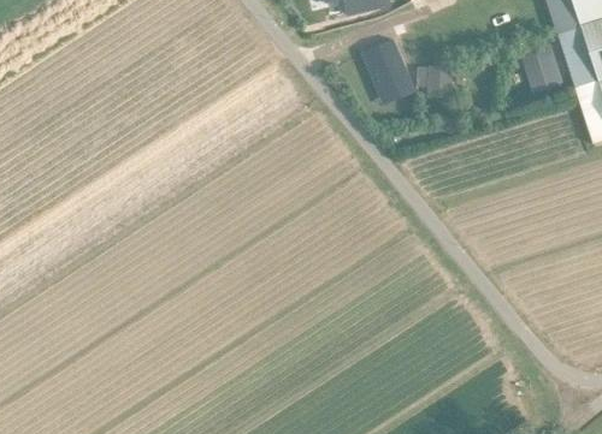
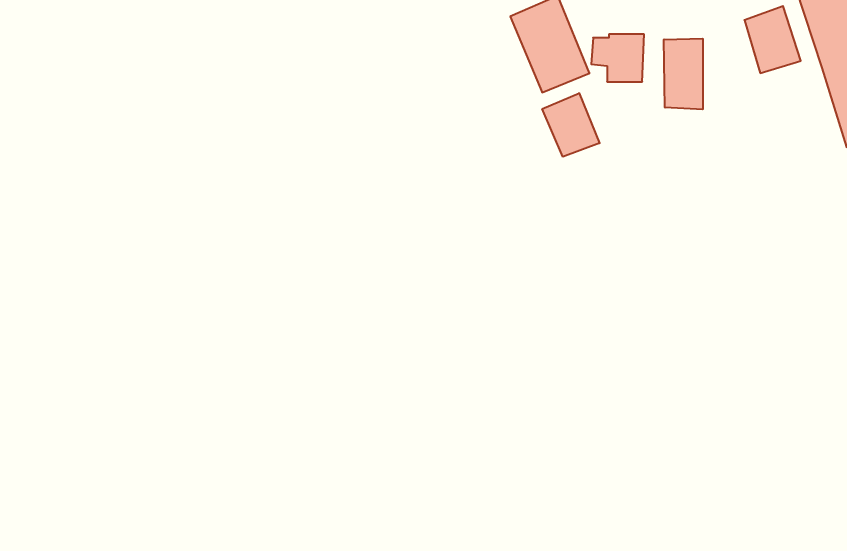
building: none -> [664,39,703,109]
building: none -> [542,93,600,157]

